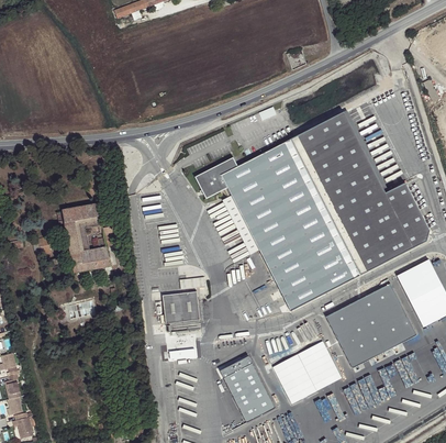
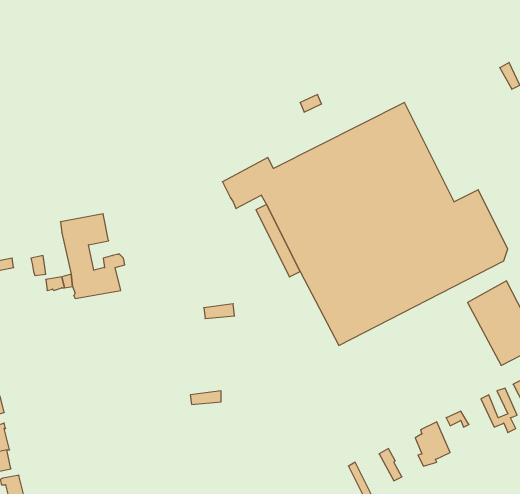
building: [326,283,417,367] -> none
building: [163,290,200,322] -> none
building: [272,340,343,403] -> none
building: [220,355,276,421] -> none

